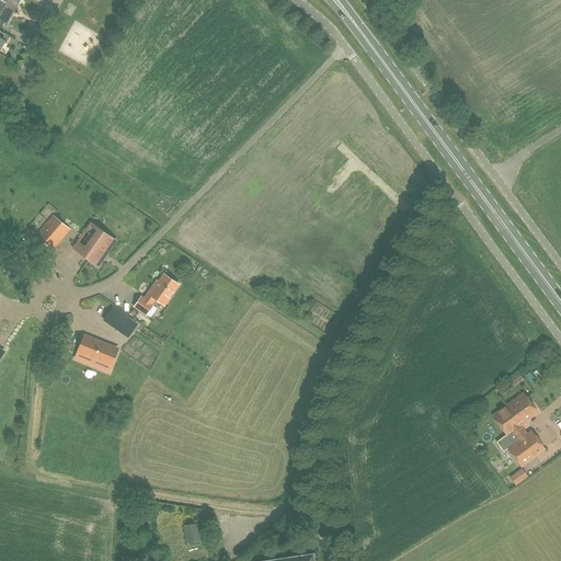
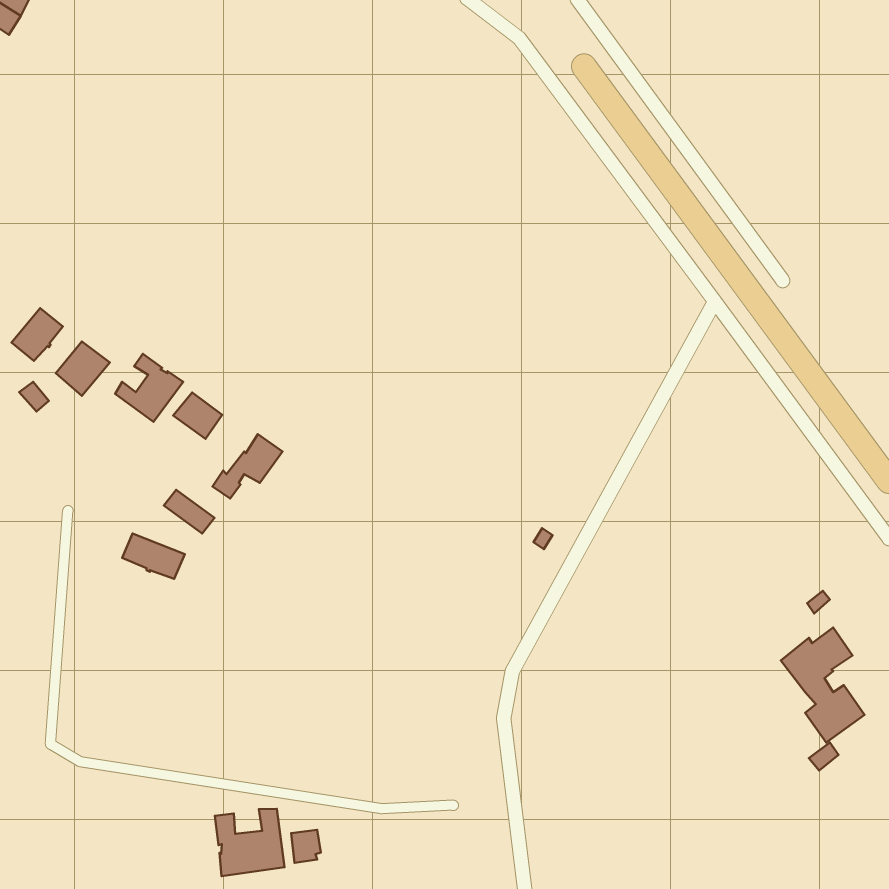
building: none -> [11,308,63,361]
building: none -> [173,393,222,439]
building: none -> [215,809,285,876]

